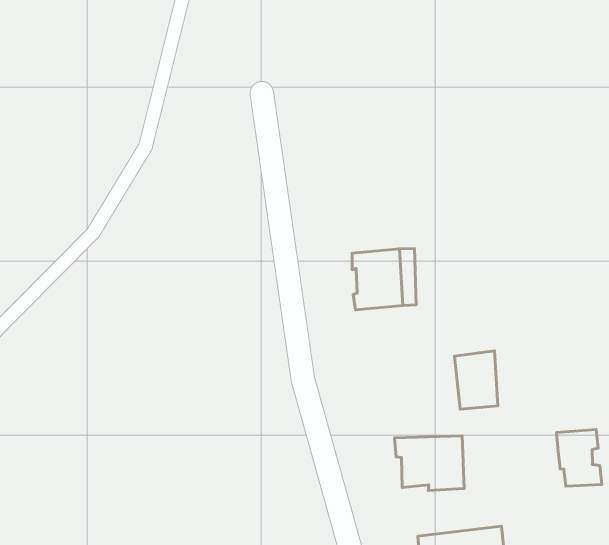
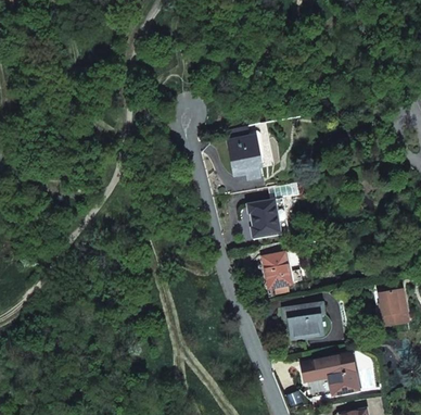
building: none -> [227,124,260,177]
building: [454,351,498,409] -> [263,251,291,287]

